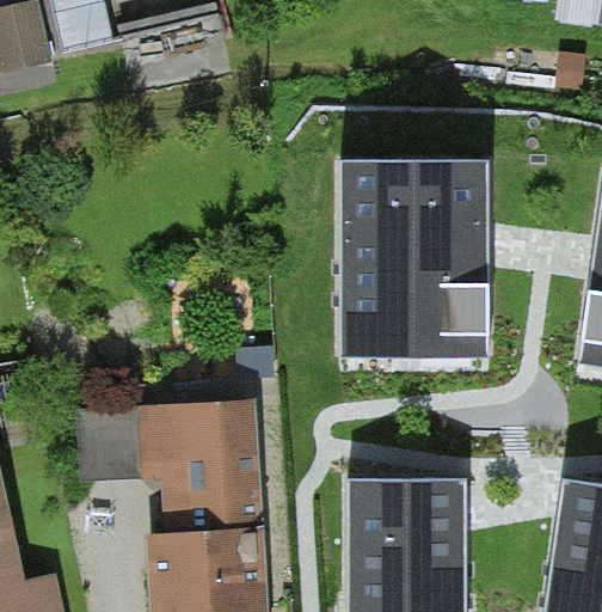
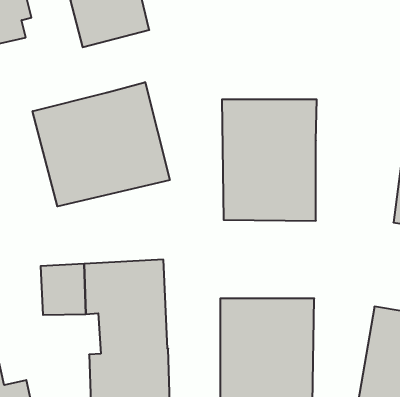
building: none -> [33,82,170,206]

